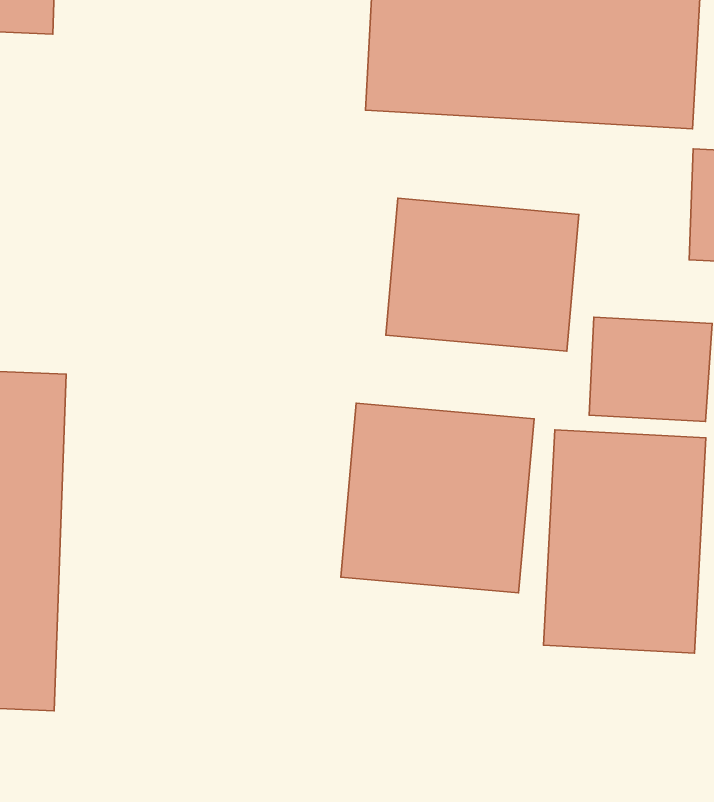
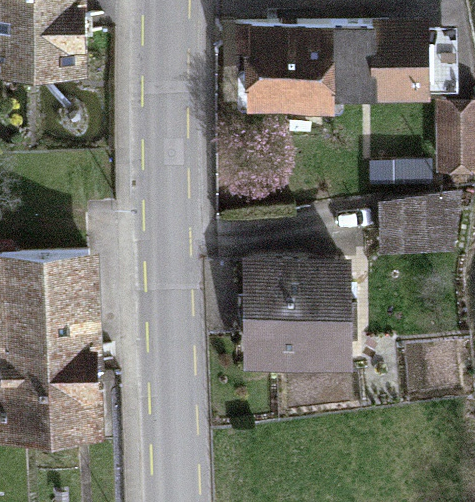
building: [386,198,579,351] -> none
building: [543,430,706,653] -> none

